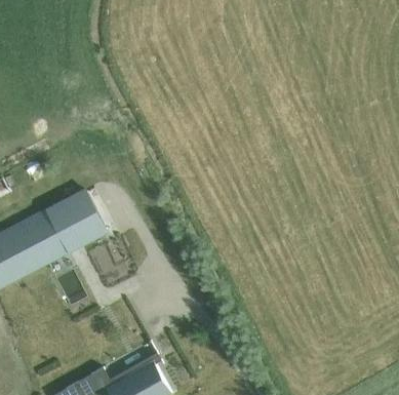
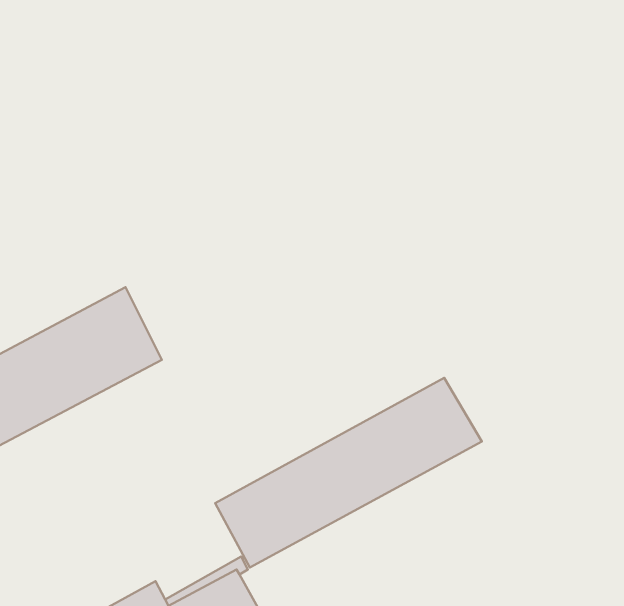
building: none -> [215,378,482,567]

